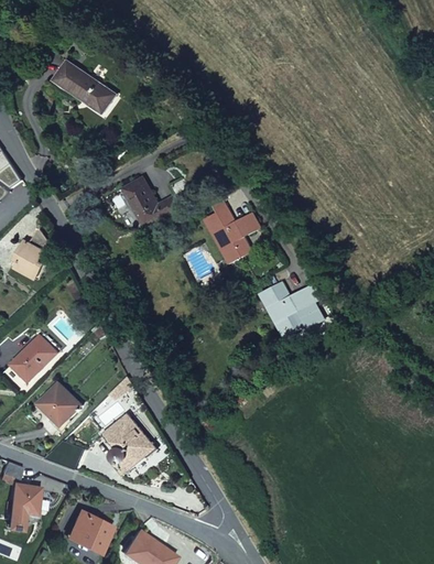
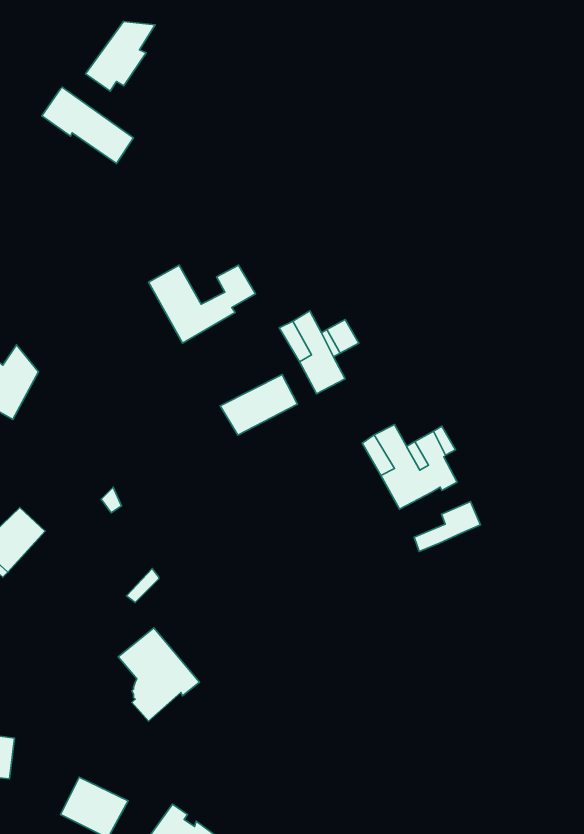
building: none -> [86,22,155,91]
building: none -> [220,374,298,435]
building: none -> [414,502,481,552]
building: [36,381,80,425] -> none

